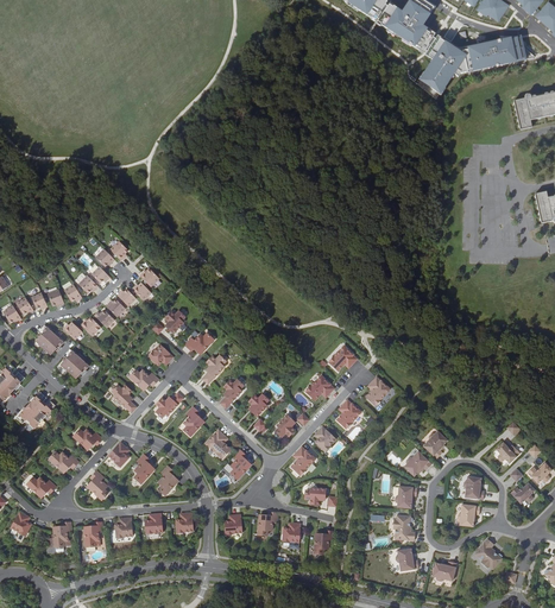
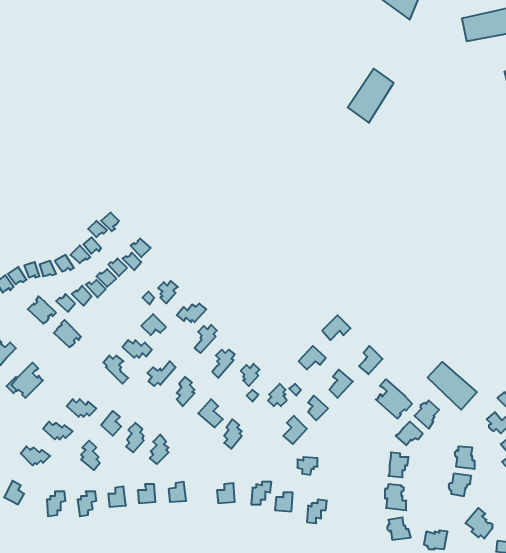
building: [422,39,468,94] -> [348,69,394,123]
building: none -> [428,362,477,410]
building: none -> [376,379,412,419]

